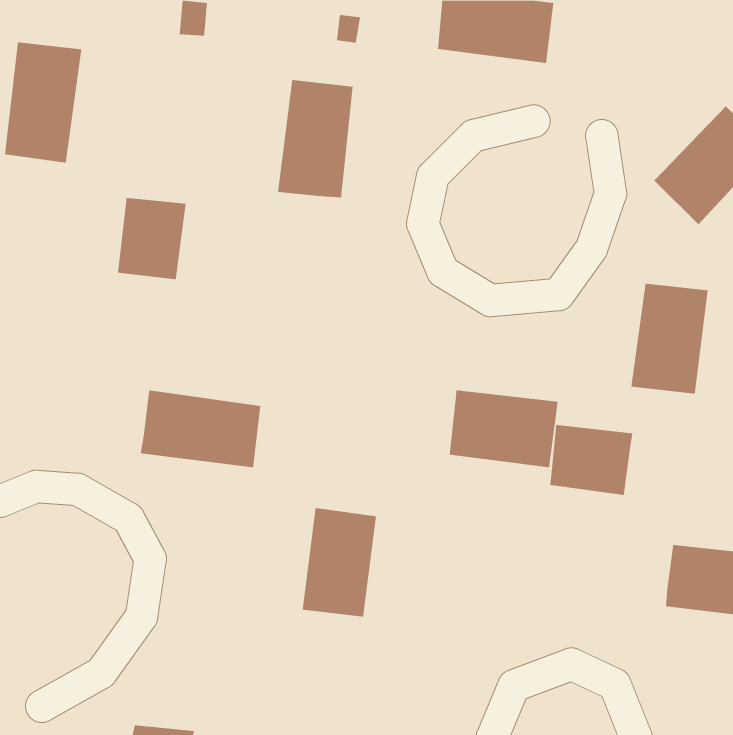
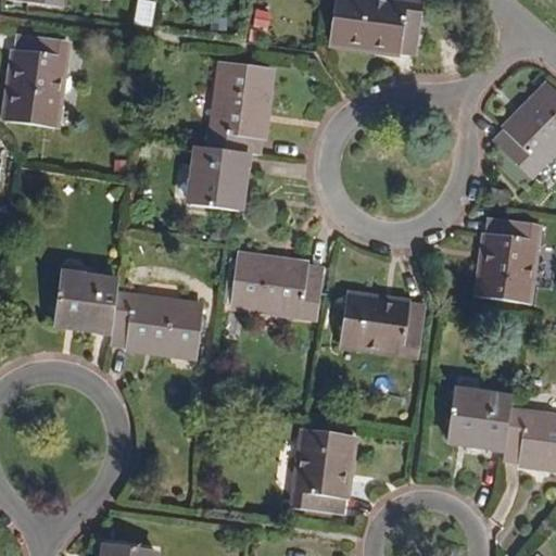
building: [117,198,187,280] -> [192,146,244,207]
building: none -> [232,255,321,314]
building: none -> [54,275,116,330]
building: [550,425,633,495] -> [448,392,511,445]
building: [302,507,377,617] -> [294,431,351,514]

